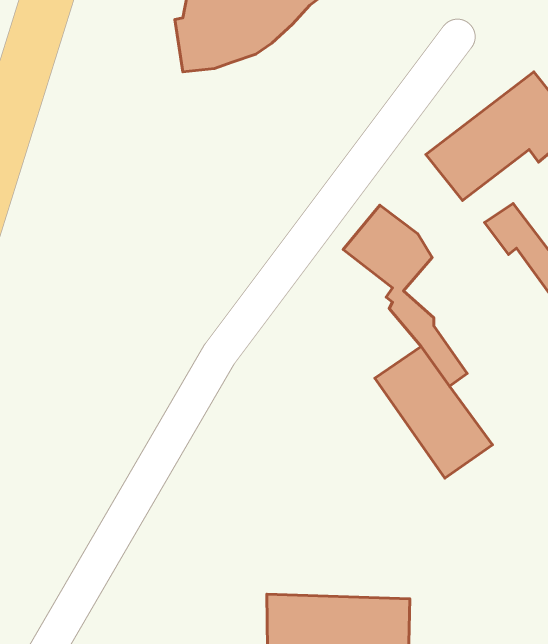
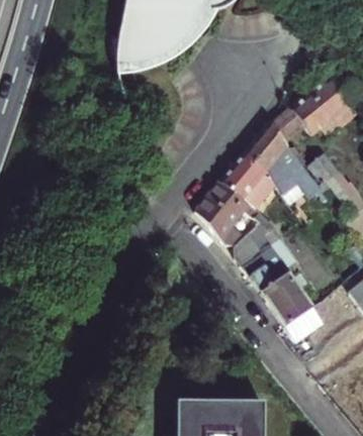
building: none -> [244,123,305,195]
building: none -> [197,184,270,265]

